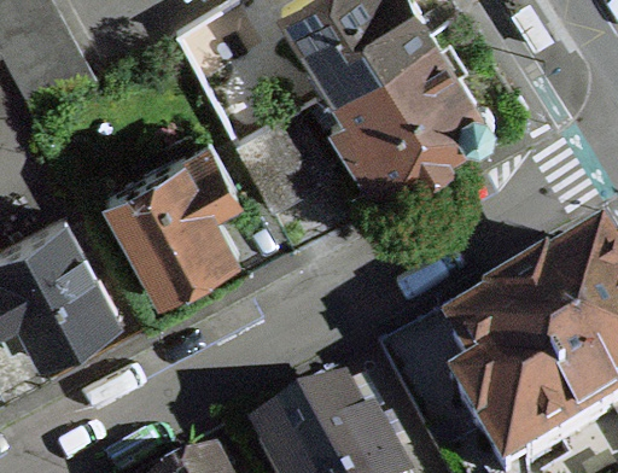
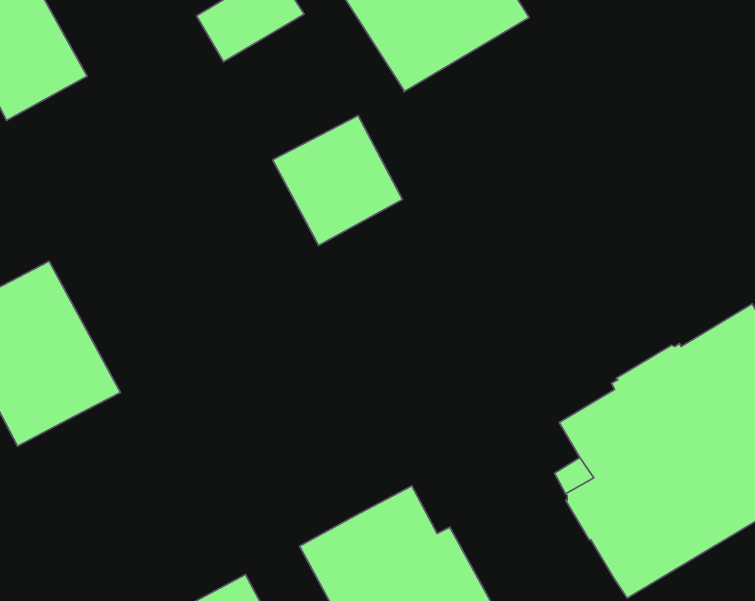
building: [328,24,489,182] -> none
building: [103,133,237,287] -> none

